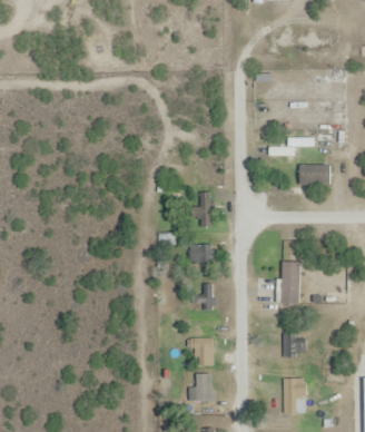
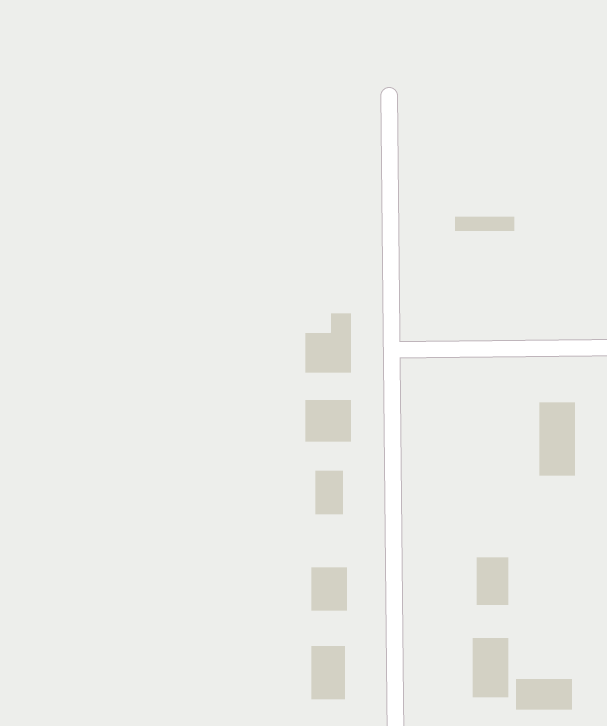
building: [298,164,328,185] -> none
building: [278,259,299,302] -> [538,402,576,476]
building: none -> [515,678,573,710]

